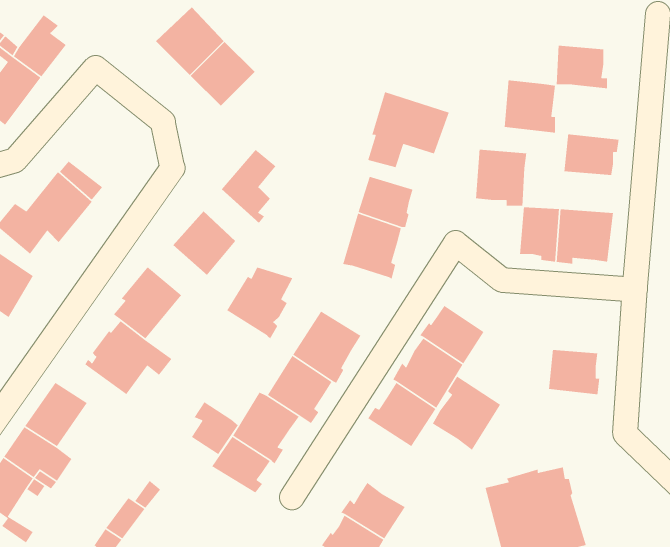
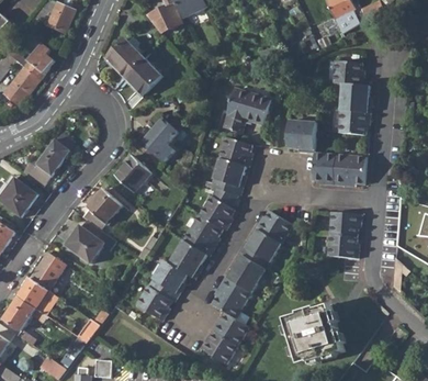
building: [504,80,556,133] -> [339,83,369,114]
building: [226,266,294,340] -> [199,187,237,228]
building: none -> [330,212,361,236]
building: [432,376,501,451] -> [211,273,250,316]
building: [191,401,239,455] -> none

